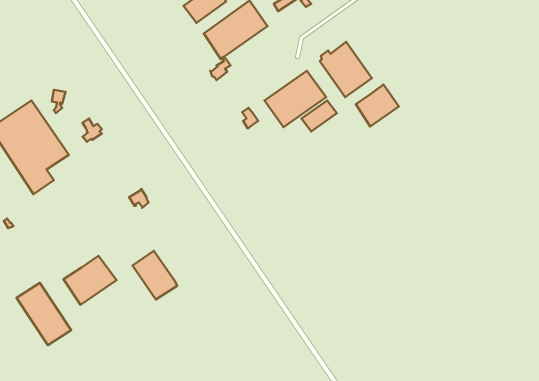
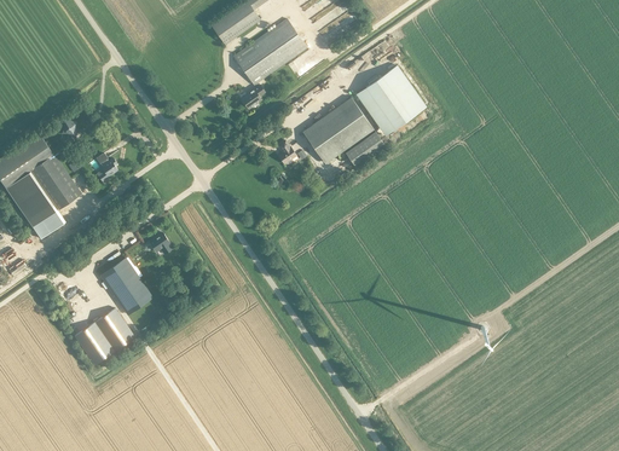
building: [356,85,399,126] -> none
building: [133,251,177,300] -> [100,258,151,313]
building: [16,283,71,345] -> none

